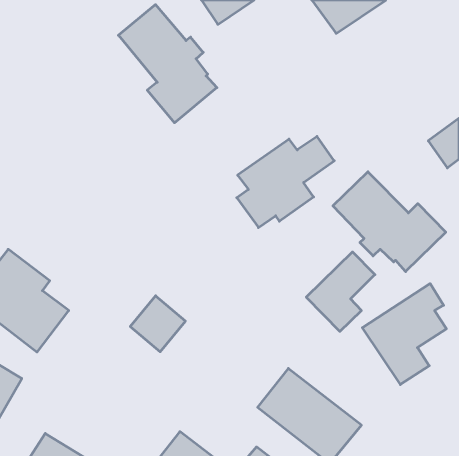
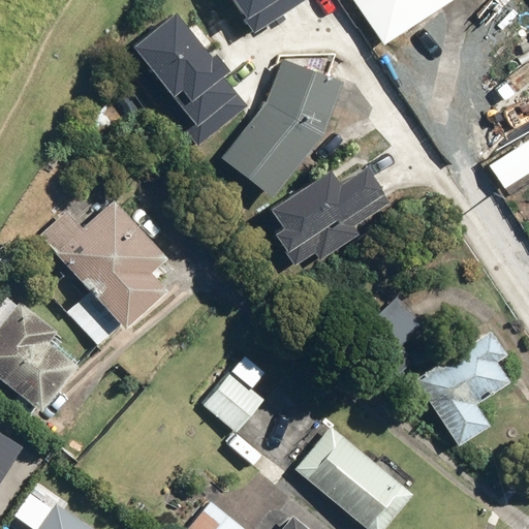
building: none -> [223,60,345,197]
building: none -> [39,196,174,350]
building: [333,172,446,272] -> none
building: [130,296,185,352] -> [200,373,263,437]

